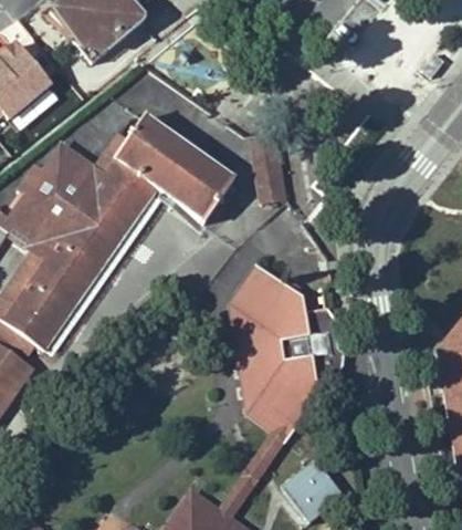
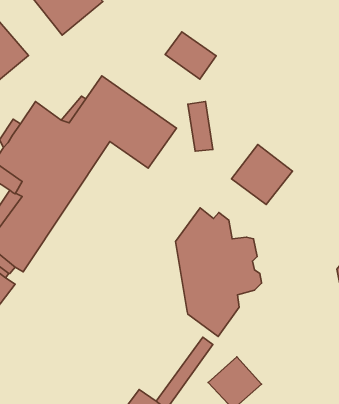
building: none -> [165,32,216,79]
building: none -> [231,144,292,204]
building: [228,268,290,444] -> none

